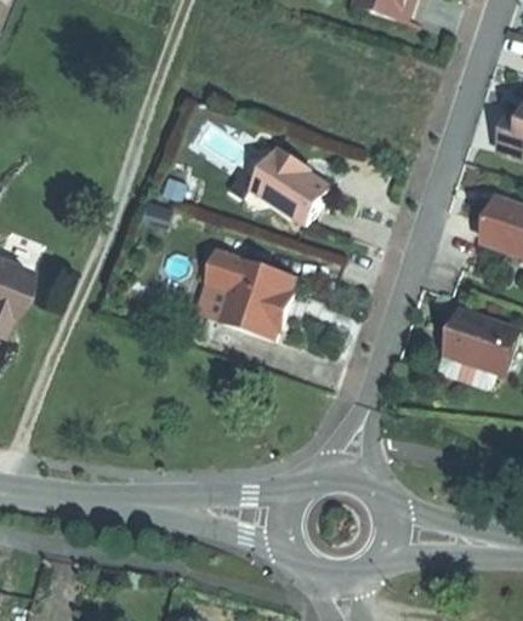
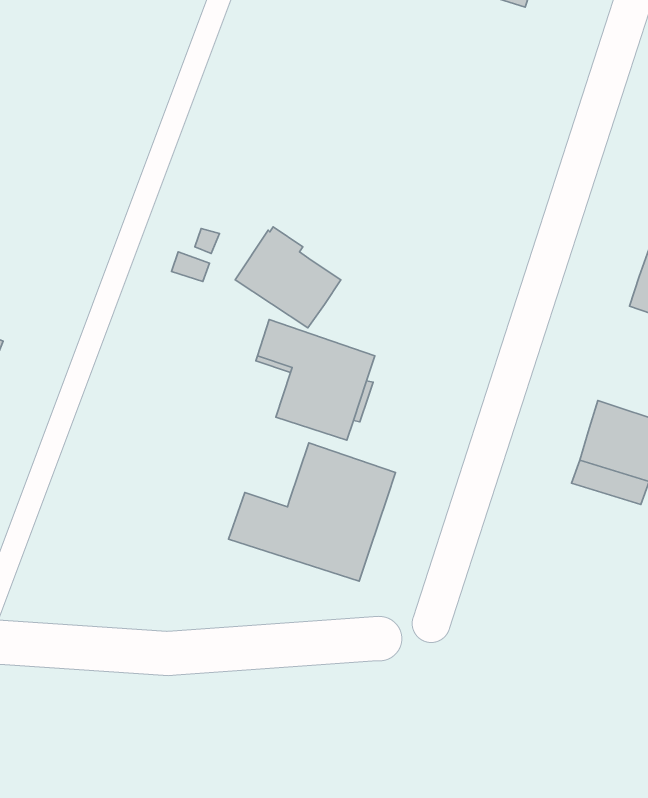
building: [250,147,328,221] -> [235,227,341,328]
building: none -> [229,443,396,581]

